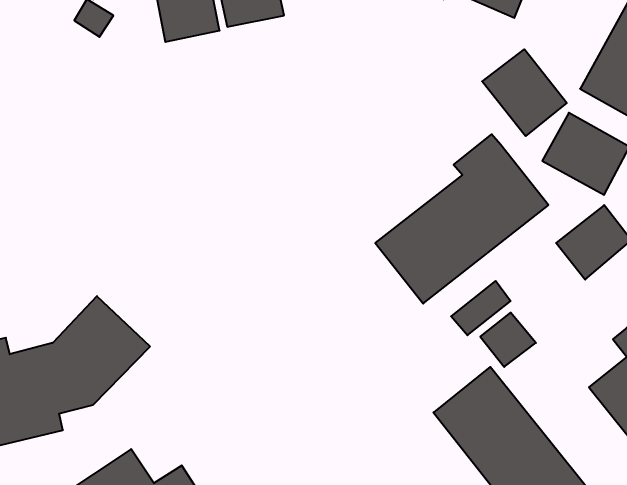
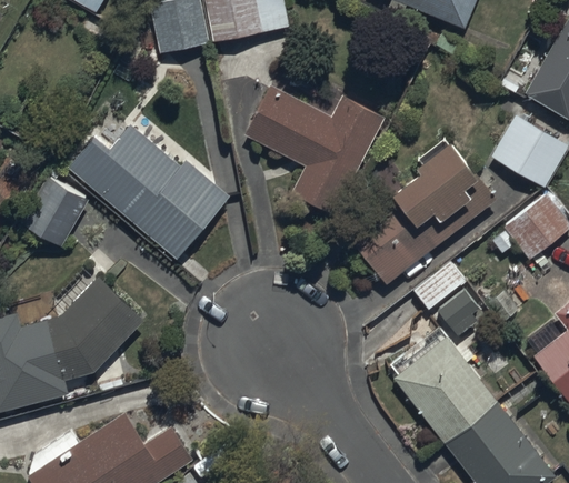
building: [482,49,567,136] -> none
building: none -> [243,83,383,211]
building: none -> [68,124,230,259]
building: none -> [20,178,89,248]

